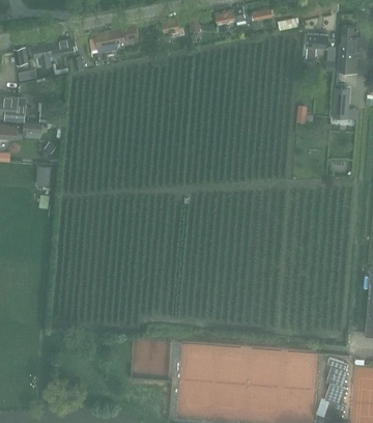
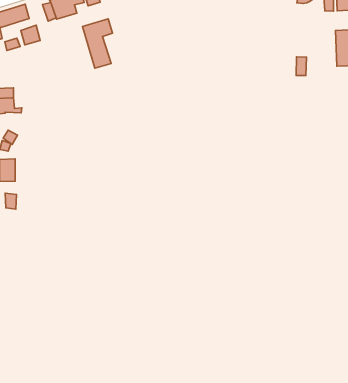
building: none -> [83,19,113,68]

